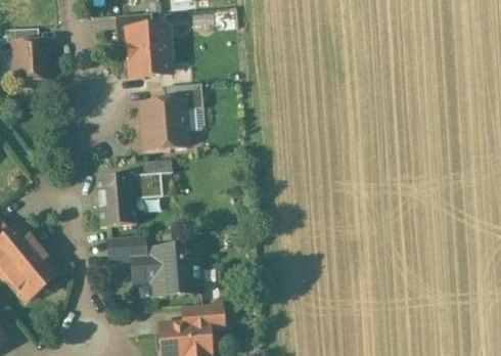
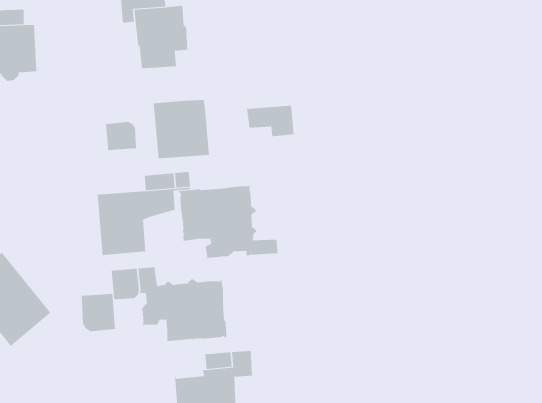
building: [164,83,202,108] -> [246,105,294,137]
building: none -> [106,121,137,151]
building: none -> [178,185,278,259]
building: none -> [81,293,115,332]

